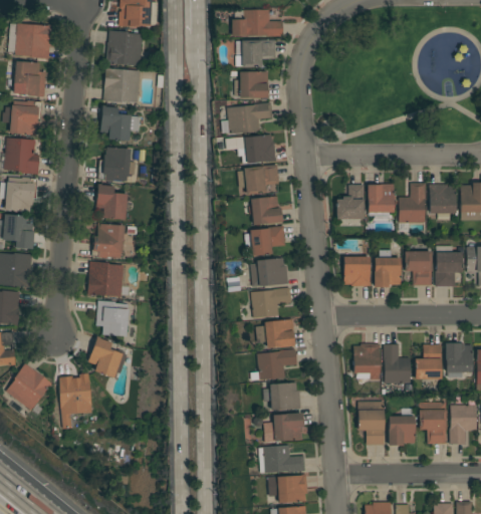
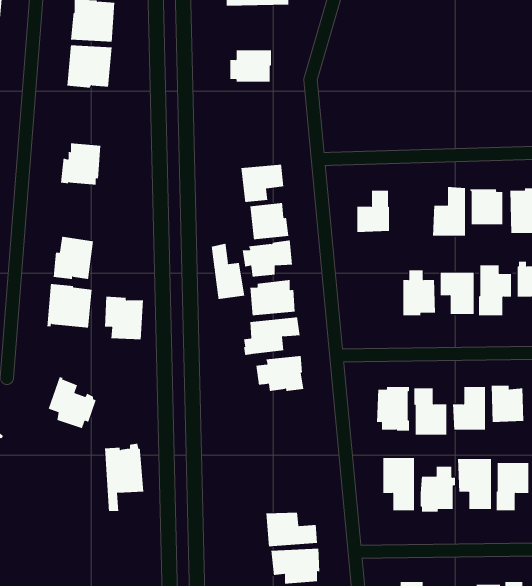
building: [236,40,276,68] -> none
building: [222,102,273,135] -> none
building: [101,105,141,142] -> none
building: [226,135,277,164] -> none
building: [96,184,128,220] -> none
building: [366,184,395,219] -> none
building: none -> [211,243,245,300]
building: [343,257,372,286] -> none
building: [97,301,130,336] -> [104,296,144,340]
building: [253,349,297,381] -> none
building: [60,373,92,429] -> [104,443,144,512]
building: [270,382,301,411] -> none
building: [265,413,304,444] -> none

